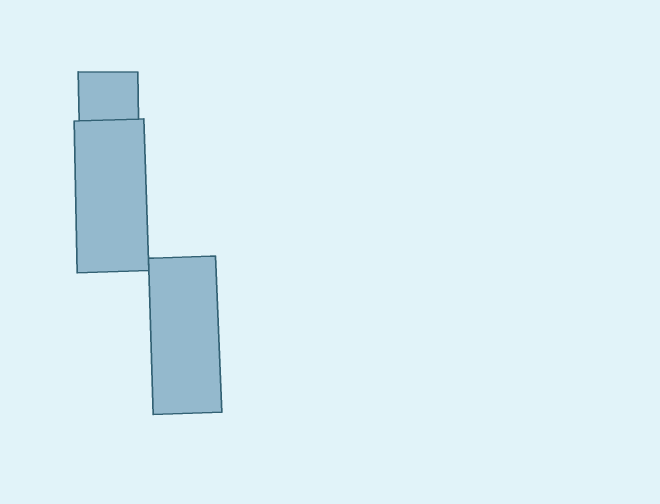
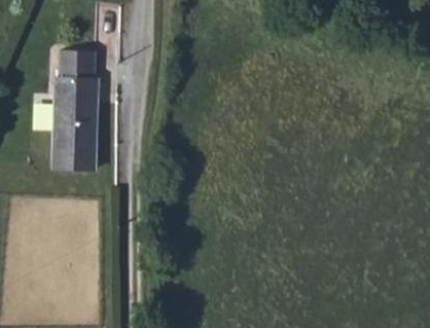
building: [148,256,222,414] -> none

